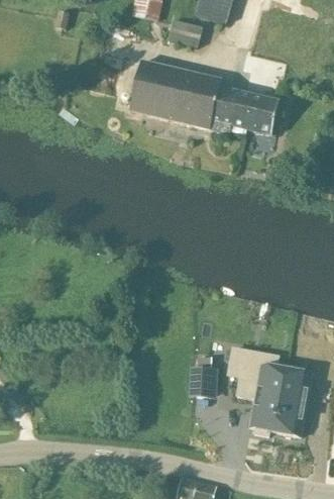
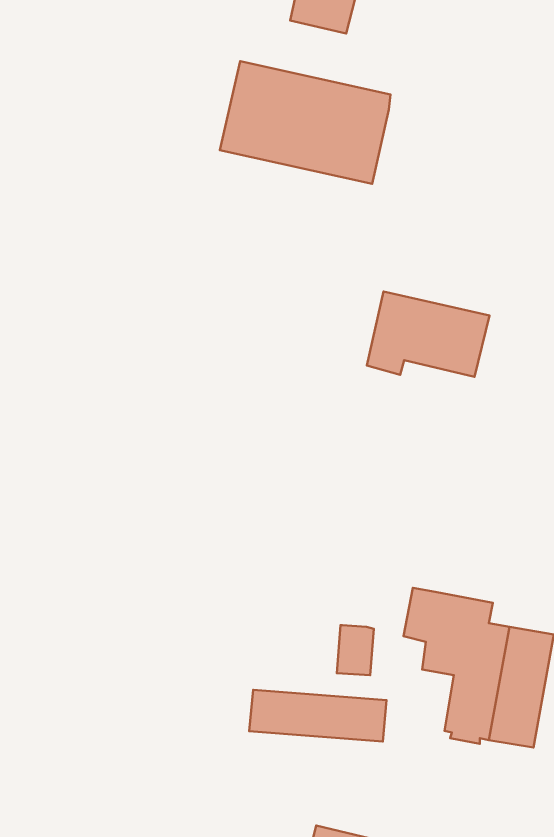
building: [213,88,280,134] -> [367,291,489,377]
building: none -> [249,690,387,741]

